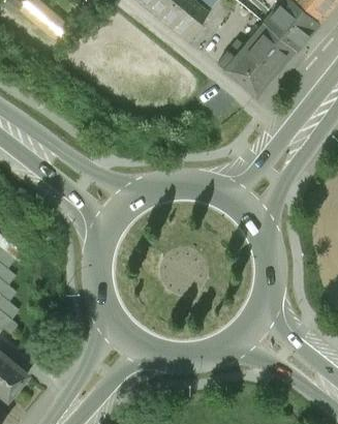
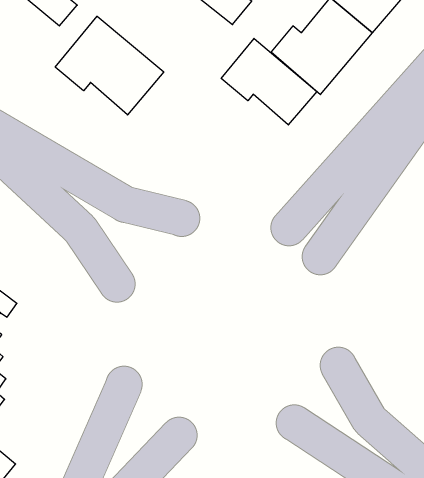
building: none -> [55,16,164,115]
building: none -> [221,38,317,125]

